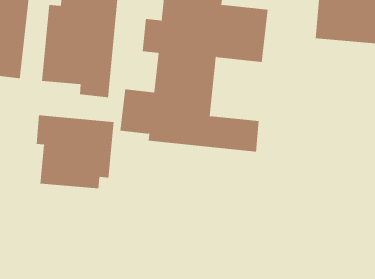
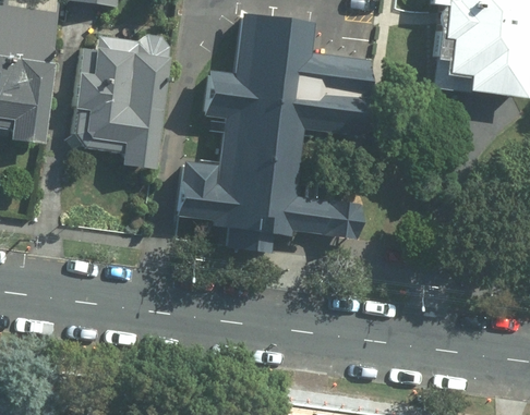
building: [36,115,114,189] -> none

